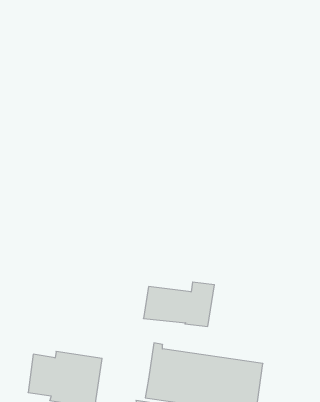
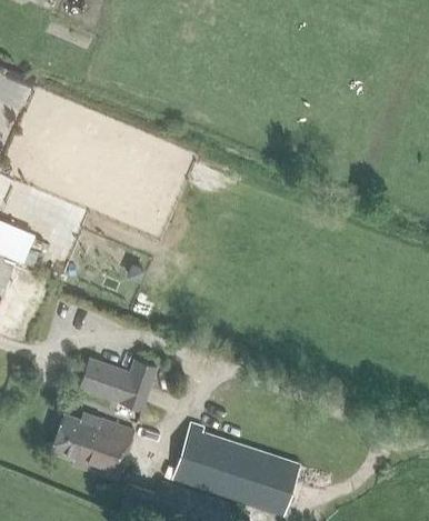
building: [143,282,214,326] -> [77,357,157,409]

